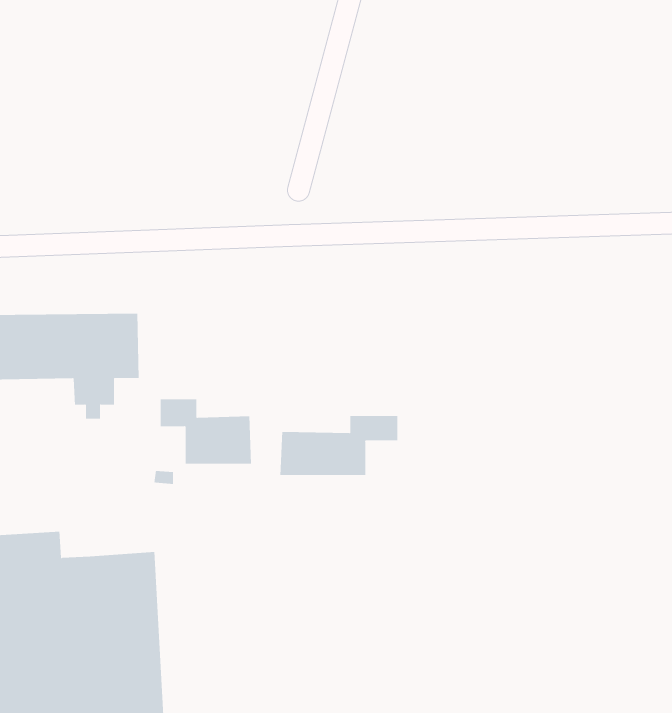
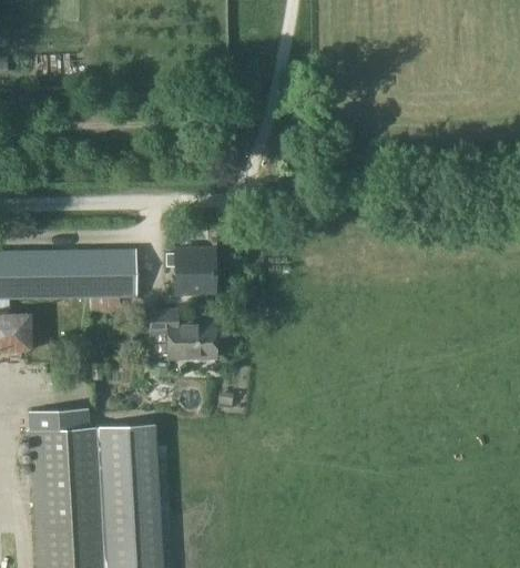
building: none -> [166,246,215,292]
building: [280,415,398,476] -> none

